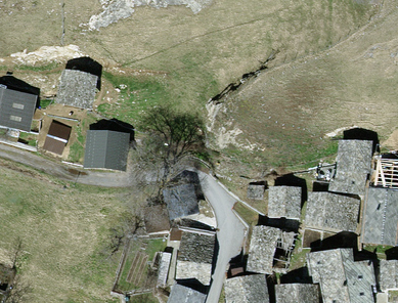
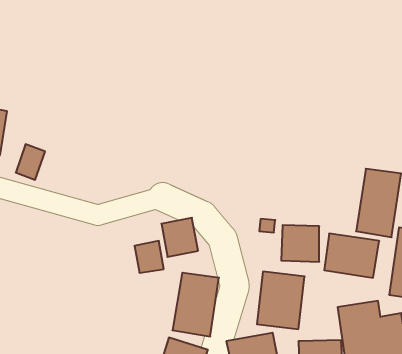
building: [59,67,96,109] -> none
building: [85,128,130,169] -> none

